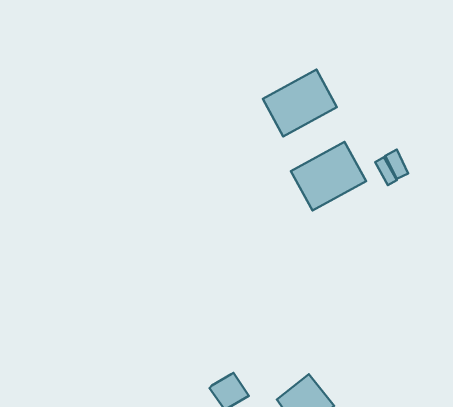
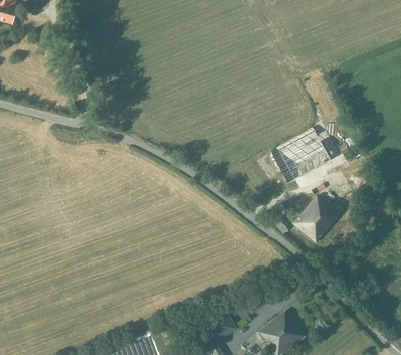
building: [263,70,337,137] -> none
building: none -> [293,196,344,242]

